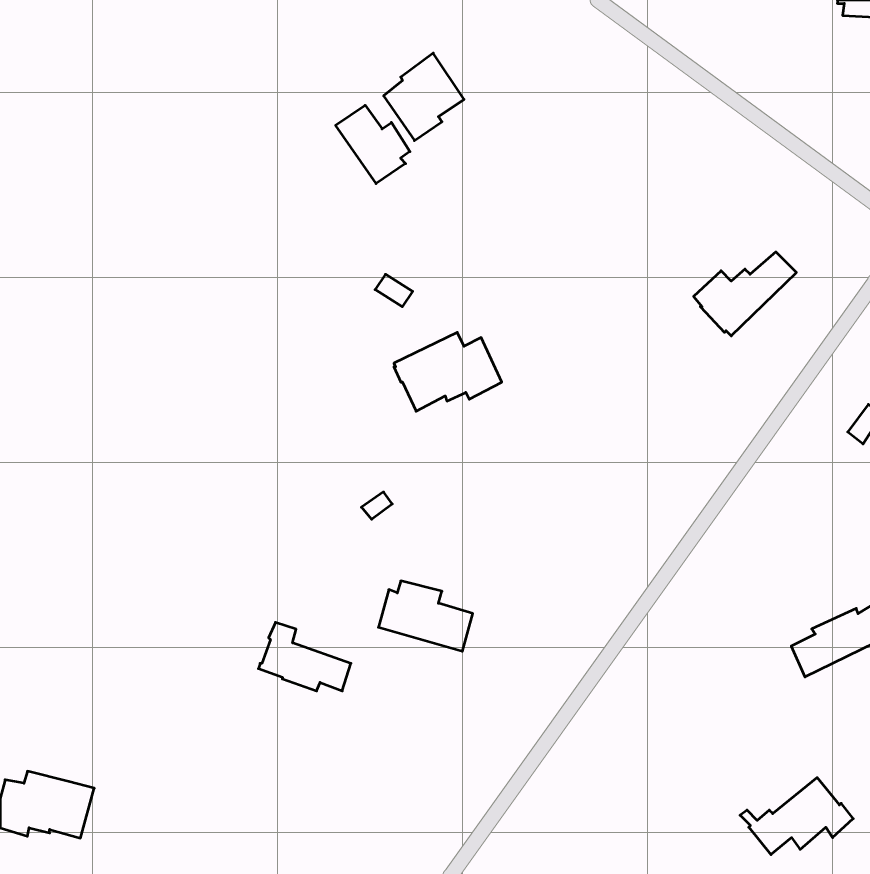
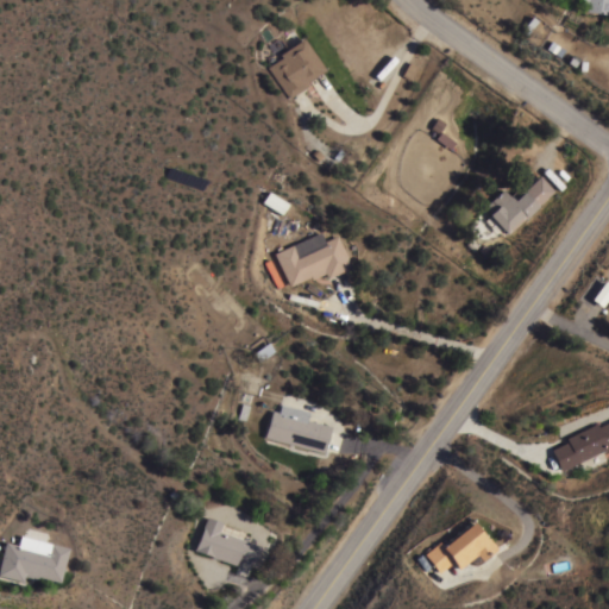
building: [336,105,410,184] -> none
building: [258,622,351,691] -> [196,517,260,565]
building: [740,778,853,855] -> [420,520,498,573]

